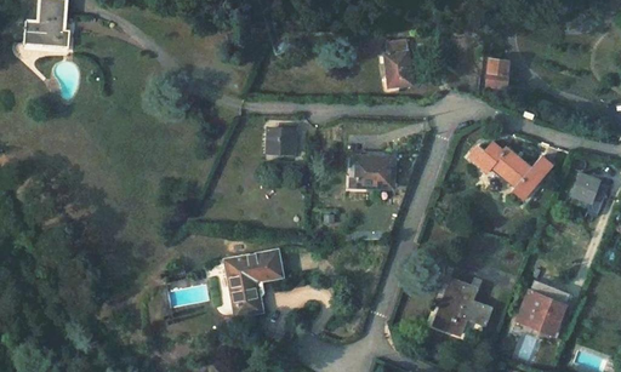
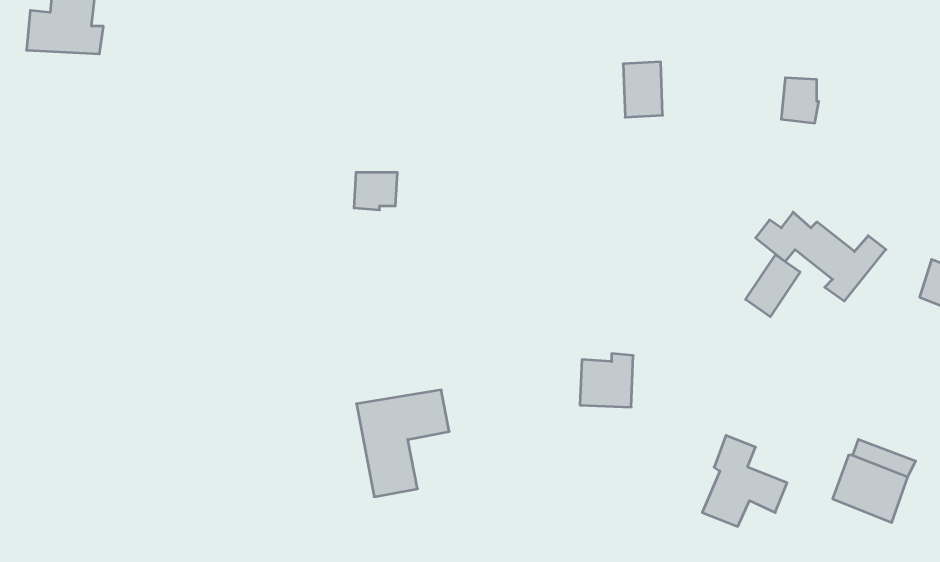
building: [267,128,294,151] -> [354,172,397,210]
building: [360,158,393,190] -> [580,354,633,407]
building: none -> [746,255,800,317]

